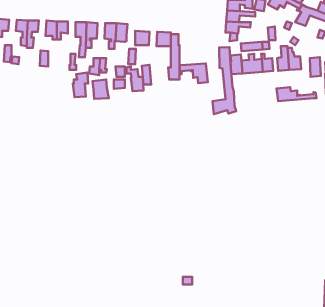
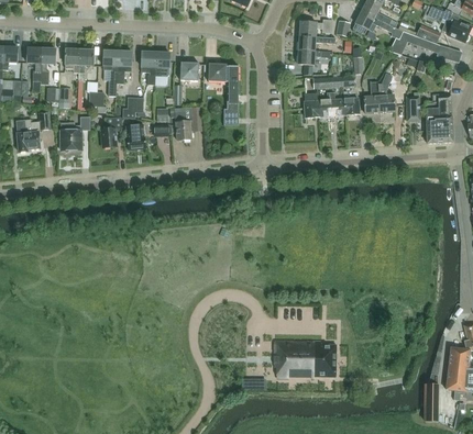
building: [213,47,236,114] -> none
building: [179,63,208,83] -> none
building: none -> [15,111,50,152]
building: none -> [61,122,81,149]
building: [277,87,316,101] -> none
building: none -> [274,340,337,381]

